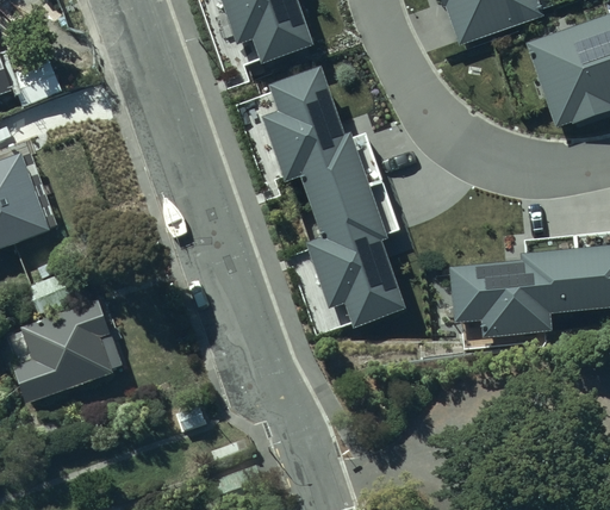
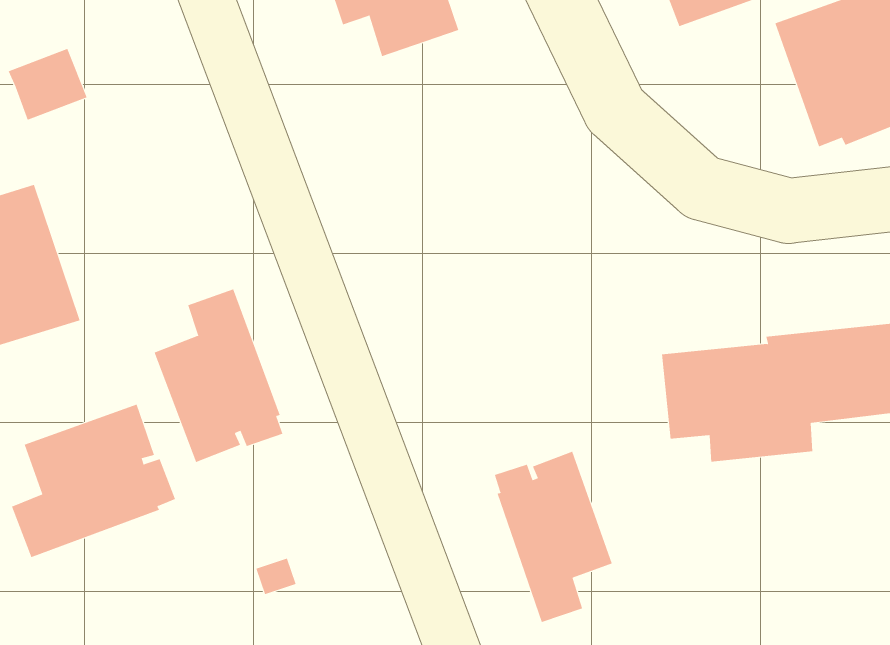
building: [261,68,406,328] -> none
building: none -> [154,288,283,463]
building: none -> [494,451,612,623]

